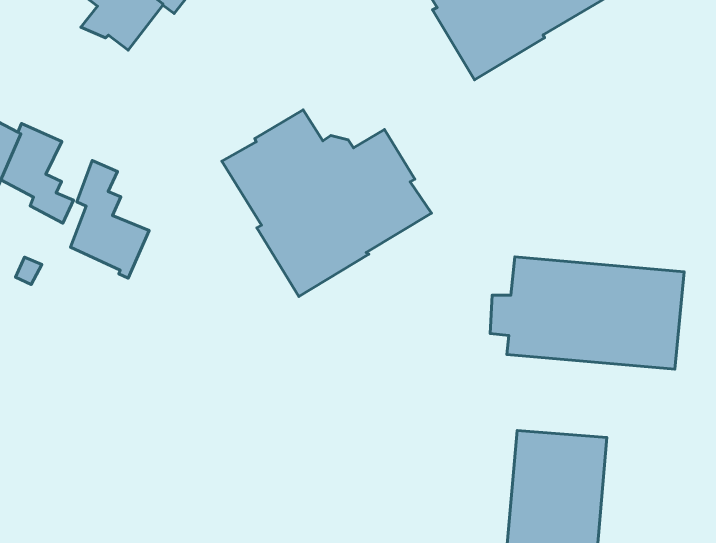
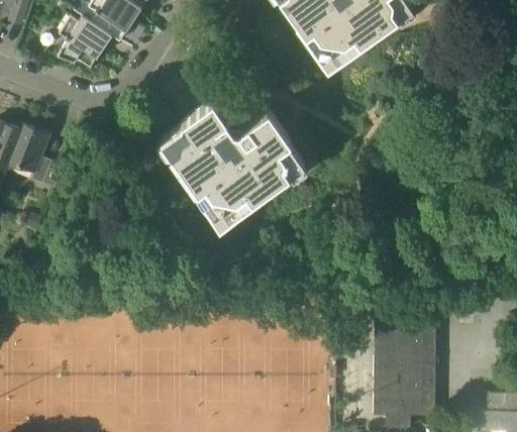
building: [71,161,149,278] -> none
building: [490,257,684,369] -> none

